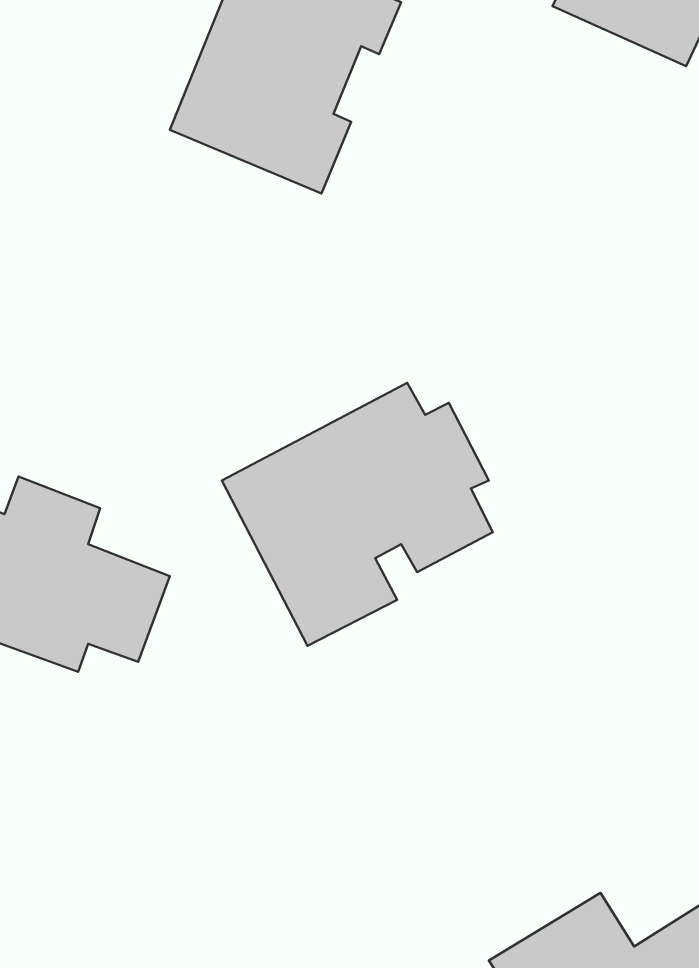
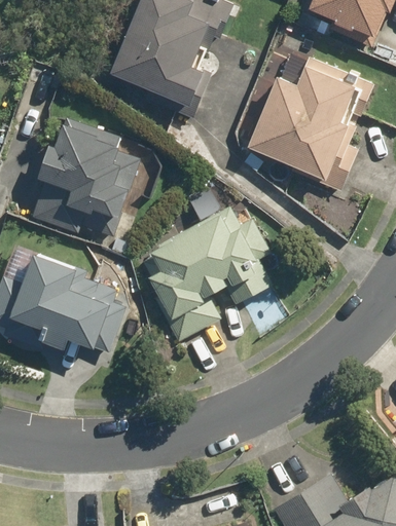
building: none -> [244,66,359,187]
building: none -> [34,116,142,234]

